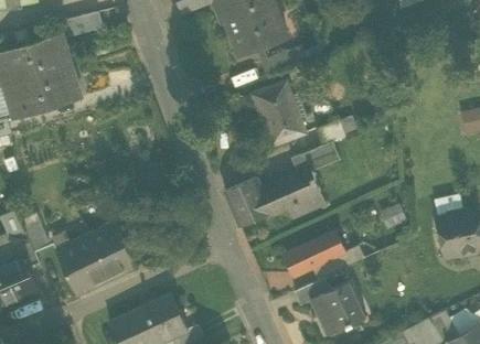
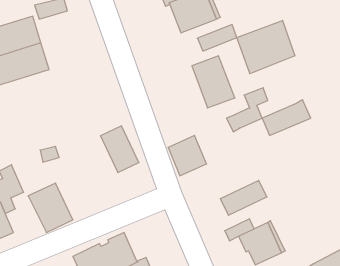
building: none -> [237,20,295,74]
building: [263,169,321,212] -> [262,100,311,135]
building: [89,223,136,279] -> [100,126,139,173]

